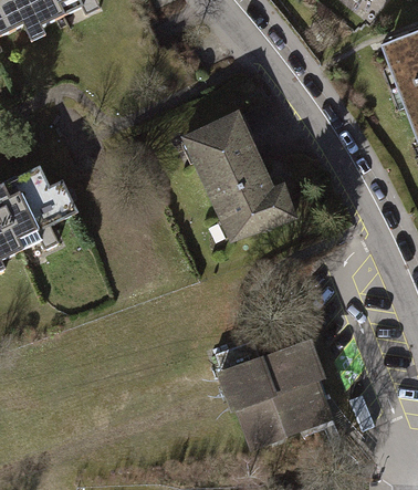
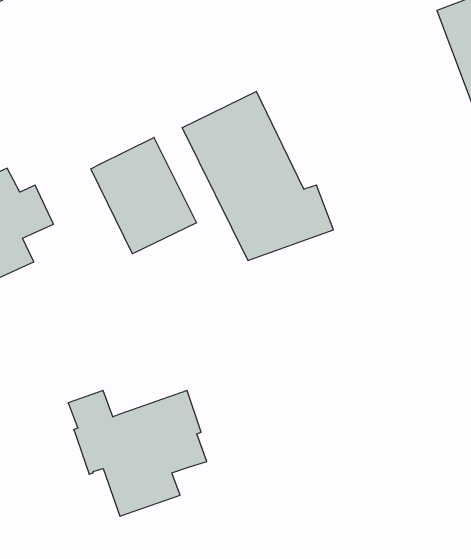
building: none -> [91,137,196,254]
building: [211,342,321,441] -> [68,390,207,516]

